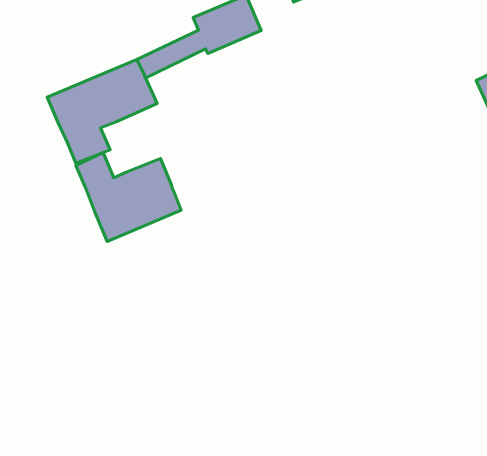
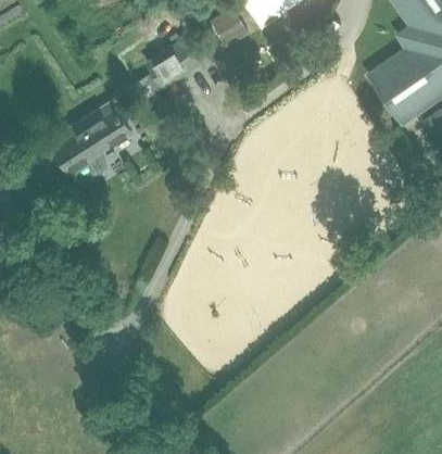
building: [76,153,181,241] -> none

